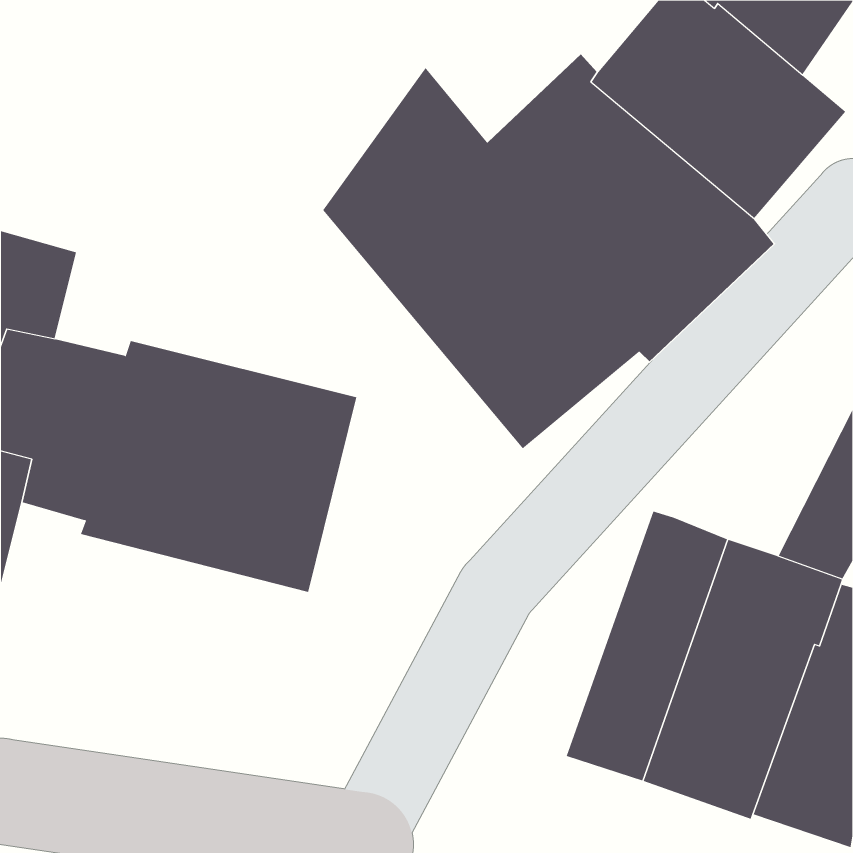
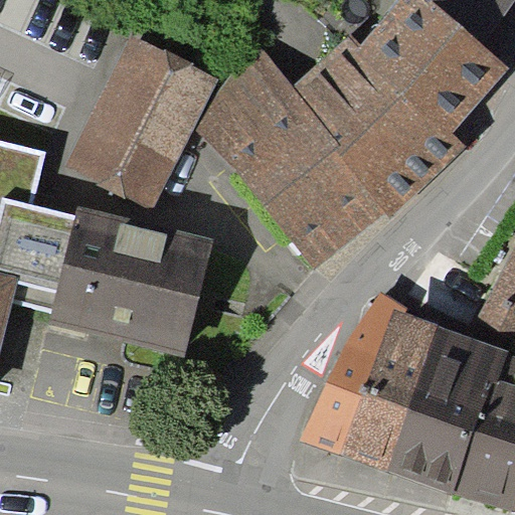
building: none -> [65,34,219,209]
building: none -> [301,293,408,456]

